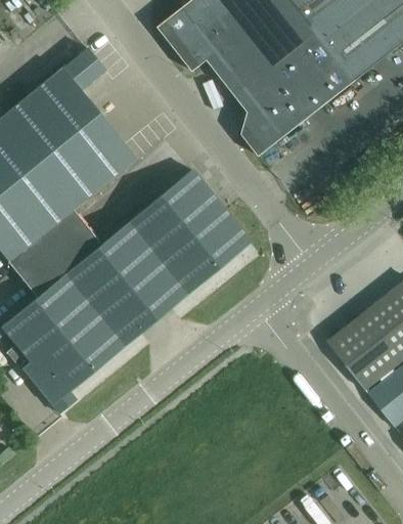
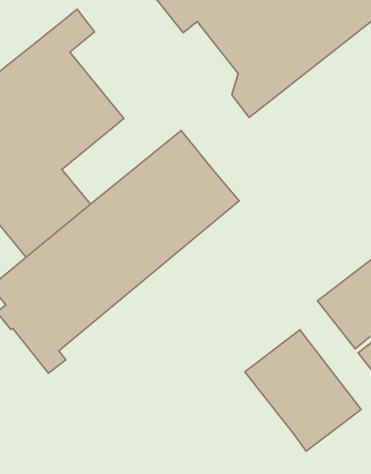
building: none -> [245,330,361,451]

